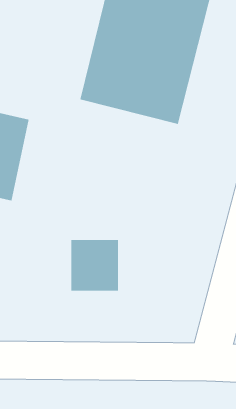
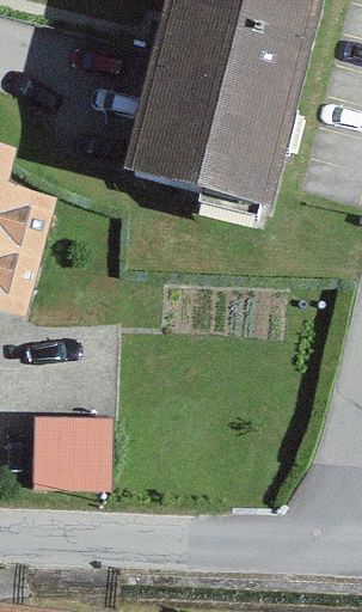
building: [71,239,119,291] -> [23,422,92,496]

